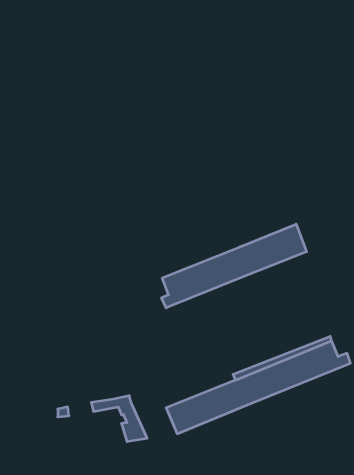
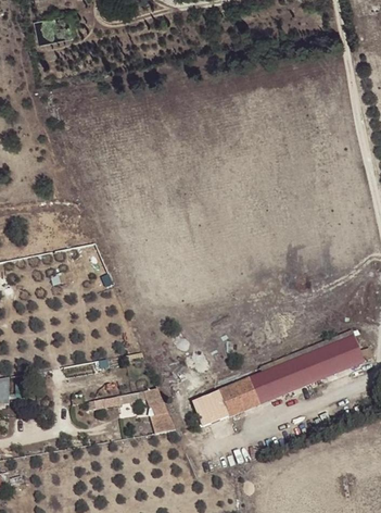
building: [162,224,307,308] -> none

